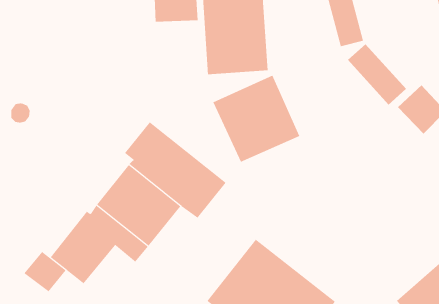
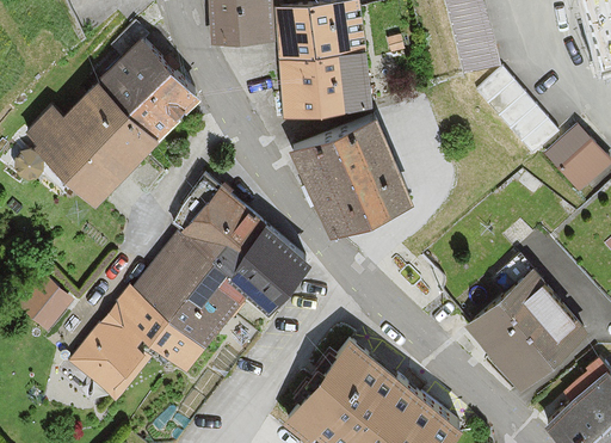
building: none -> [24,38,199,203]
building: none -> [464,269,586,389]
building: [24,251,66,292] -> [13,275,72,331]

